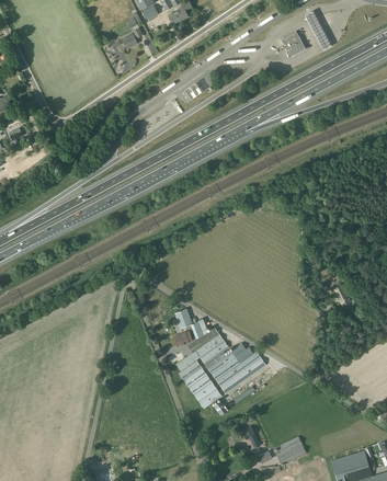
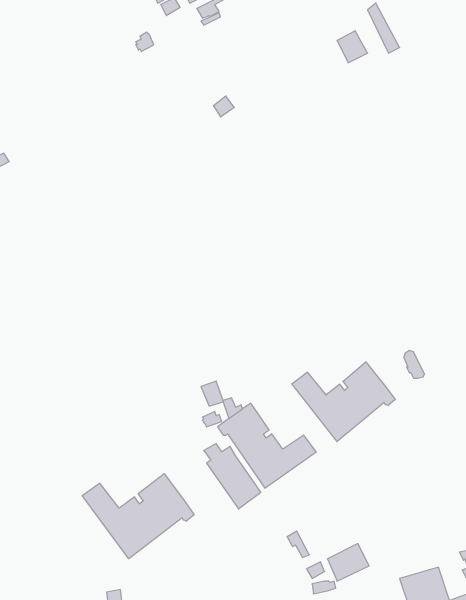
building: none -> [292,362,395,442]
building: none -> [82,474,194,559]

